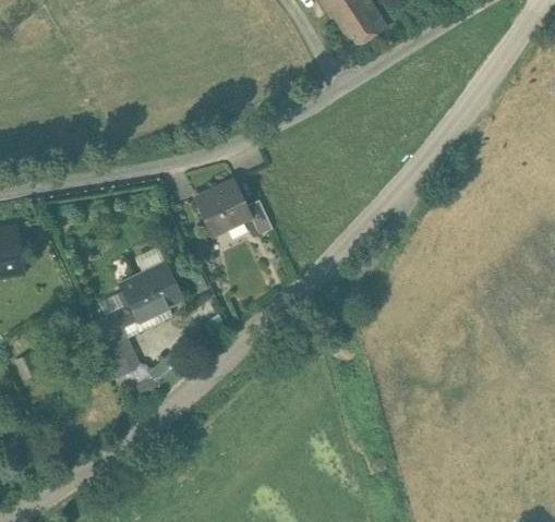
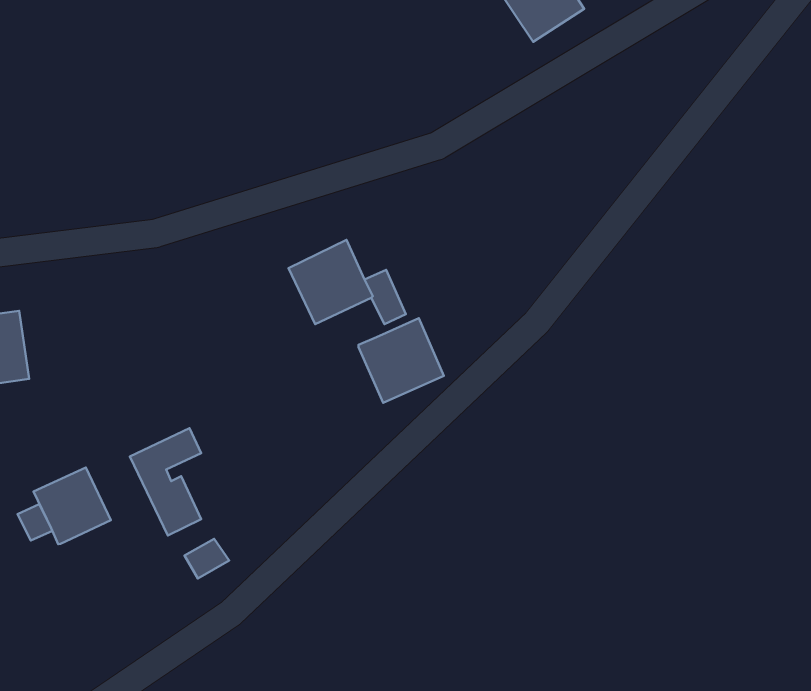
building: none -> [358,318,444,403]
building: [119,262,182,320] -> none
building: none -> [33,468,111,544]

